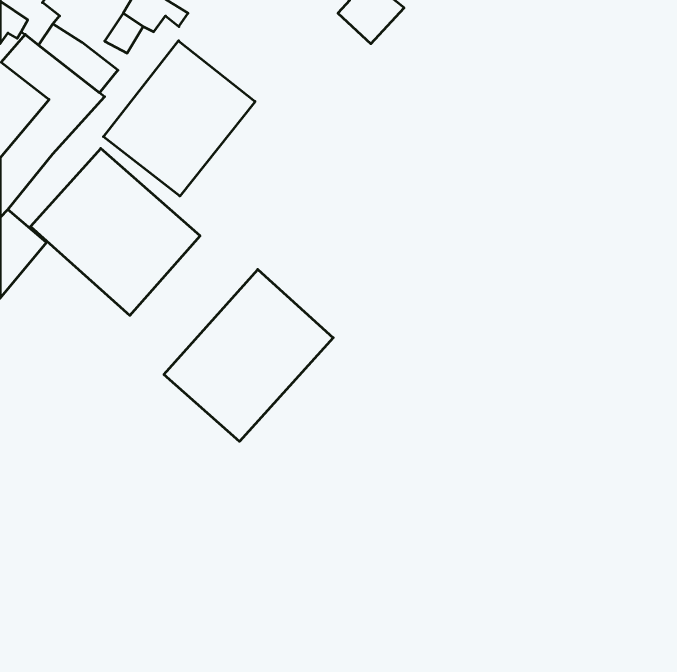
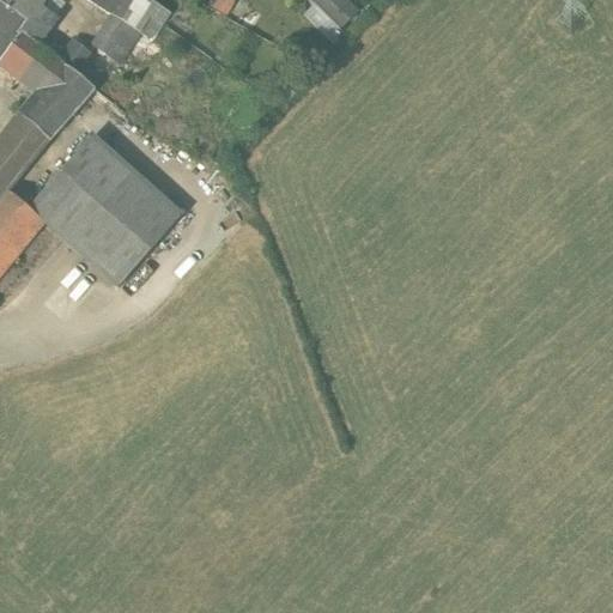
building: [103,41,255,196] -> none
building: [164,269,333,441] -> none

